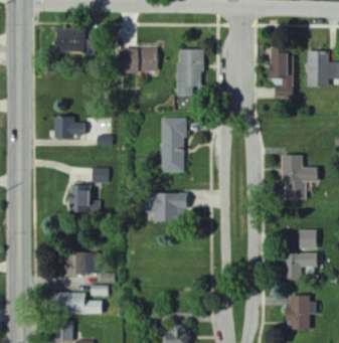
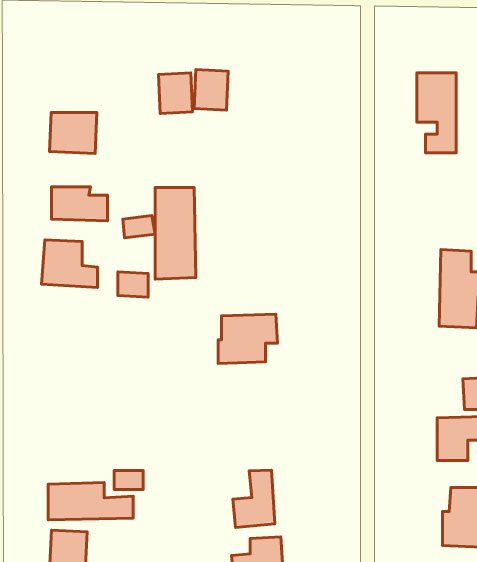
building: [55,28,83,52] -> [49,113,97,153]
building: [176,48,203,96] -> none
building: [162,118,186,172] -> [155,187,196,279]
building: [67,185,101,213] -> [41,240,98,288]
building: [64,252,94,275] -> none
building: none -> [233,470,275,528]

